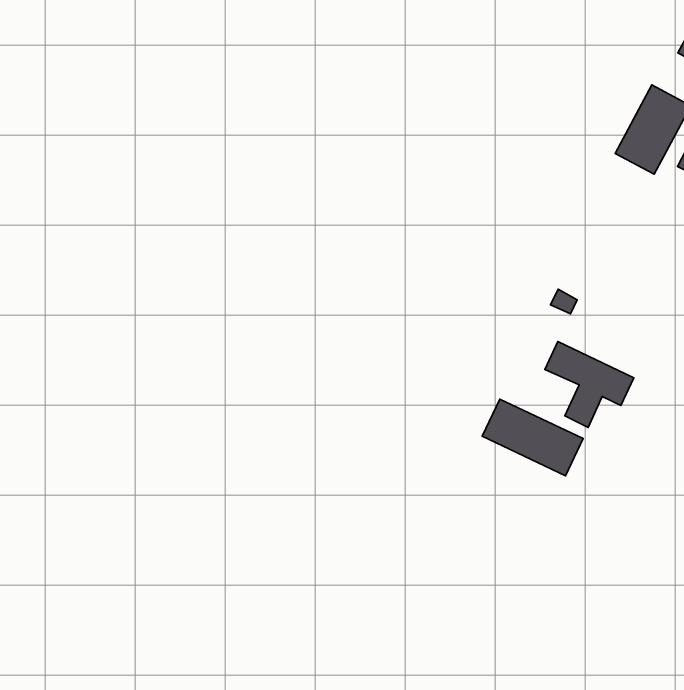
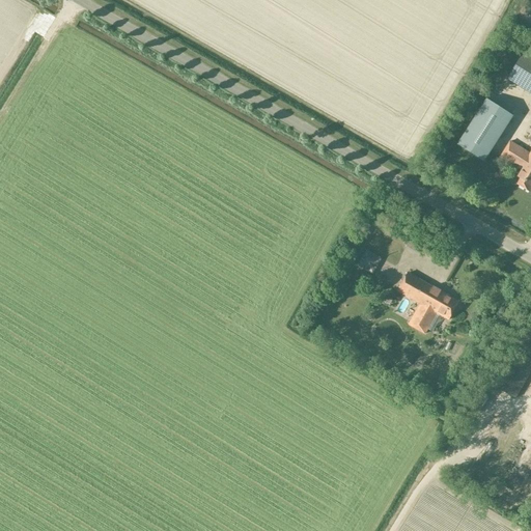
building: [482,399,583,476] -> none

